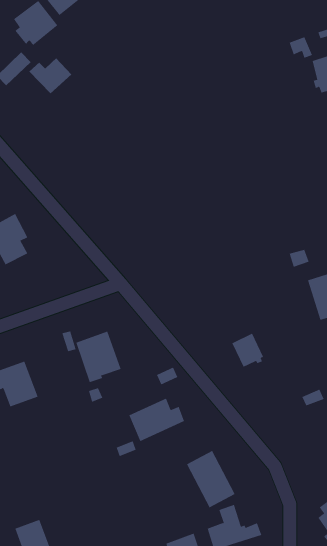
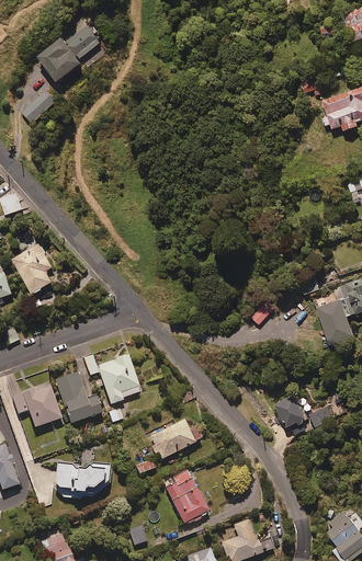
building: [28,57,72,94] -> none
building: [232,333,264,367] -> [274,394,305,427]
building: none -> [55,371,101,423]
building: none -> [55,465,111,503]
building: [186,450,236,508] -> [161,470,208,525]

